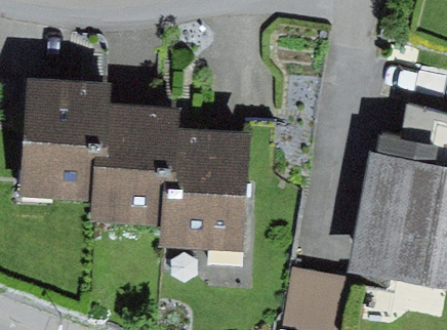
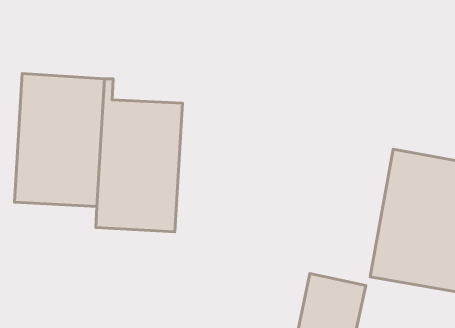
building: [167,108,252,252] -> none

